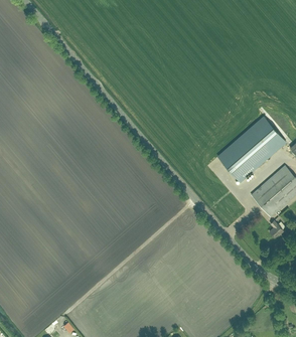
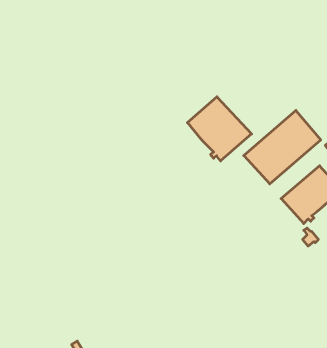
building: none -> [187,97,252,161]

